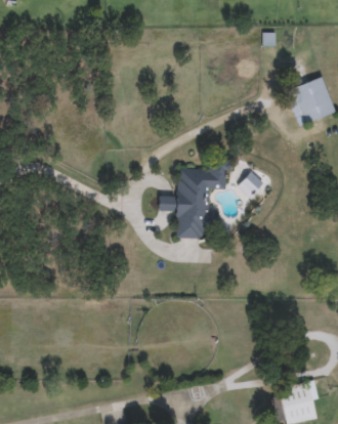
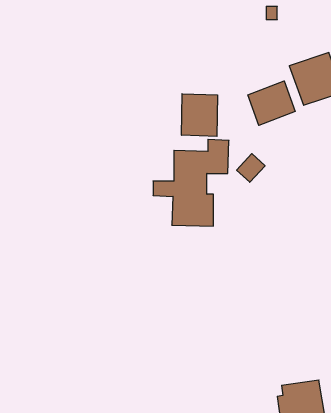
building: none -> [248,81,295,125]
building: none -> [182,94,217,136]

